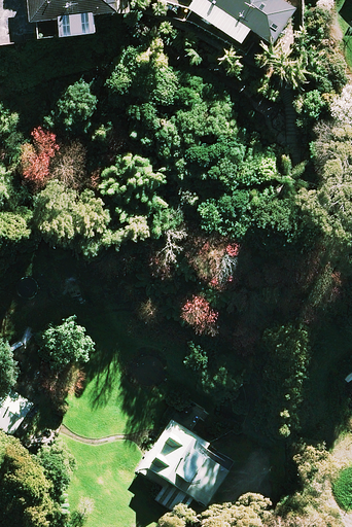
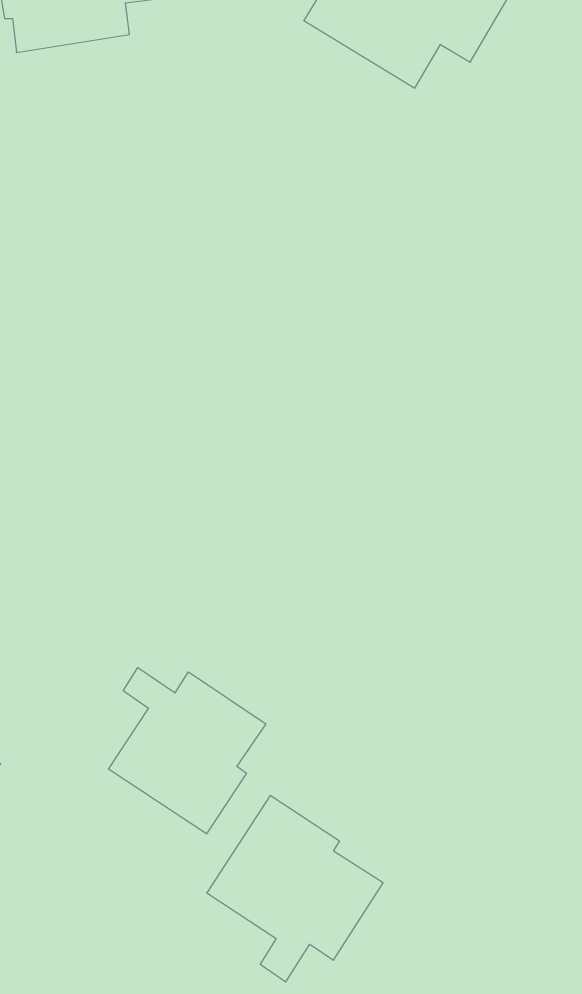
building: none -> [109,668,266,834]

